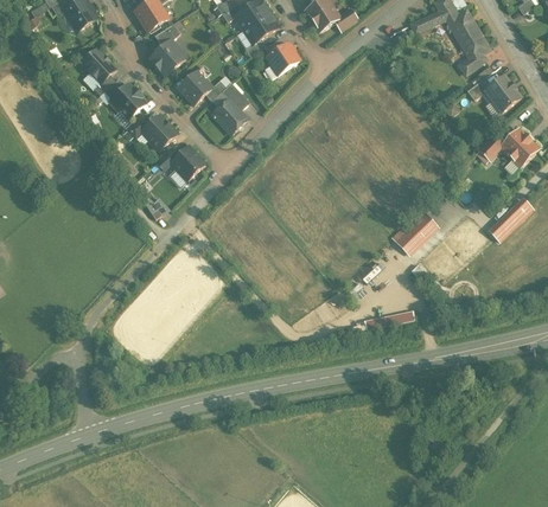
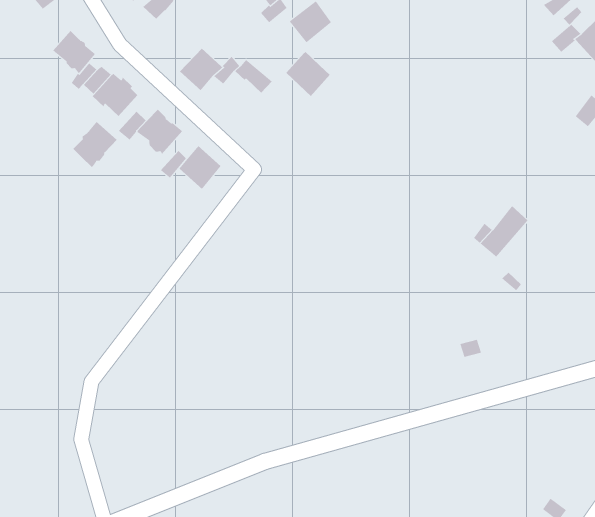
building: [151,39,185,73] -> none
building: [212,97,247,133] -> [285,51,330,97]
building: none -> [73,121,118,168]

